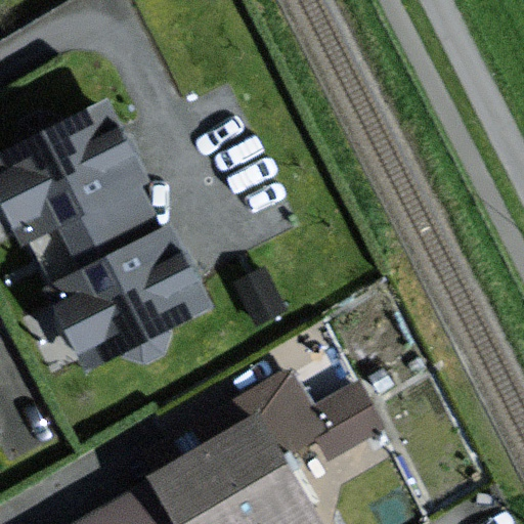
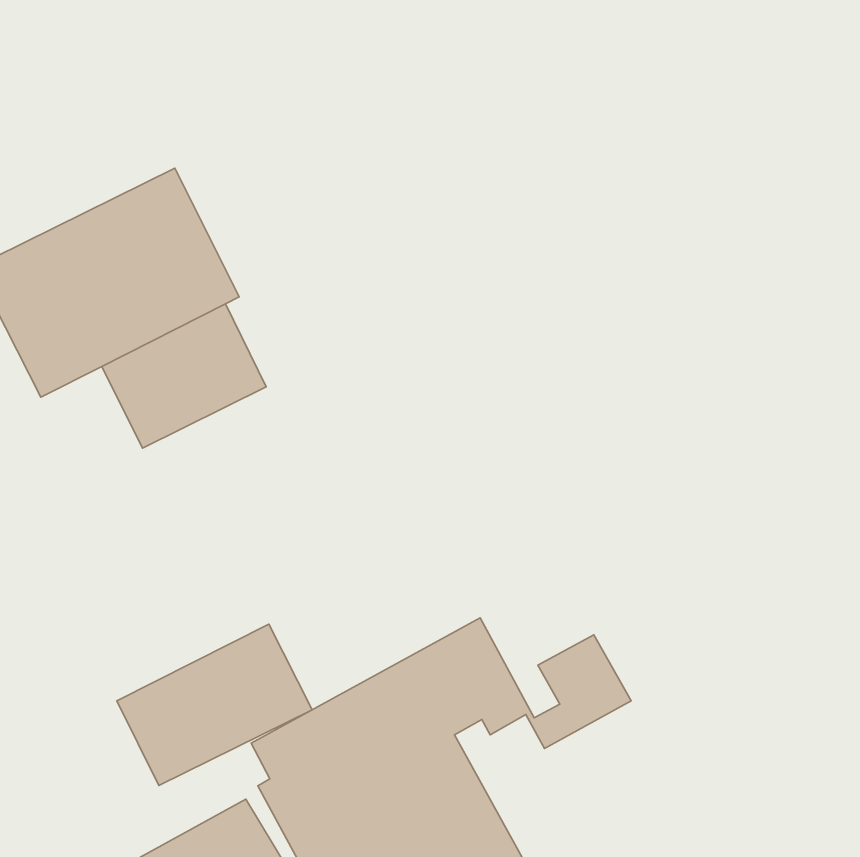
building: [52,234,208,368] -> none
building: none -> [117,624,312,785]

